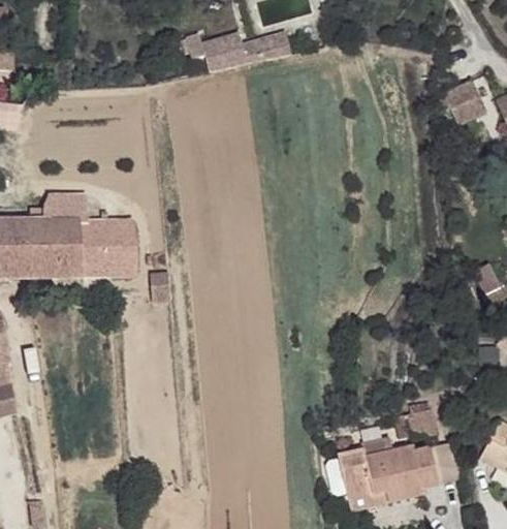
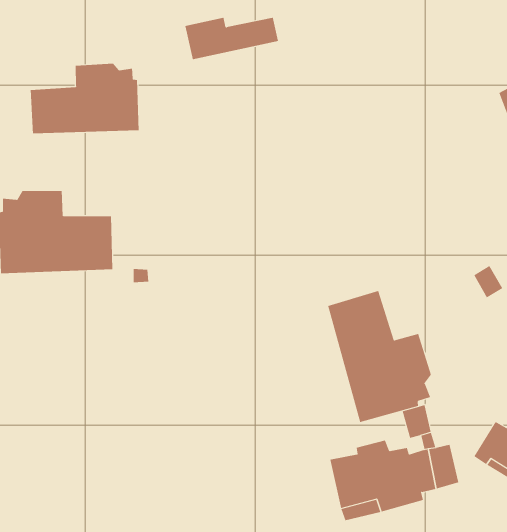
building: none -> [30,63,139,134]
building: [446,85,487,128] -> none
building: none -> [327,290,432,423]

